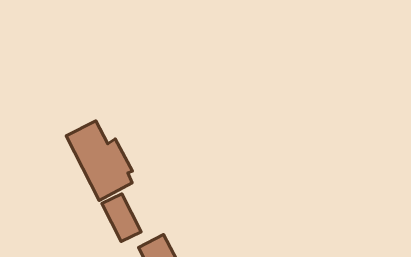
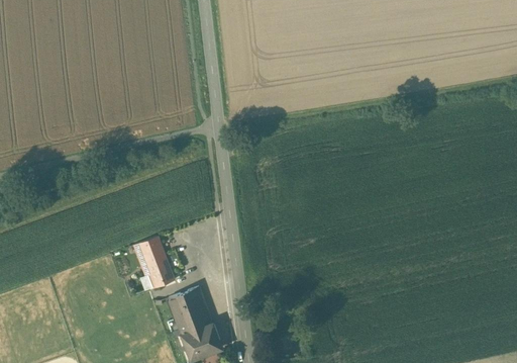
building: [66,121,132,200] -> none

